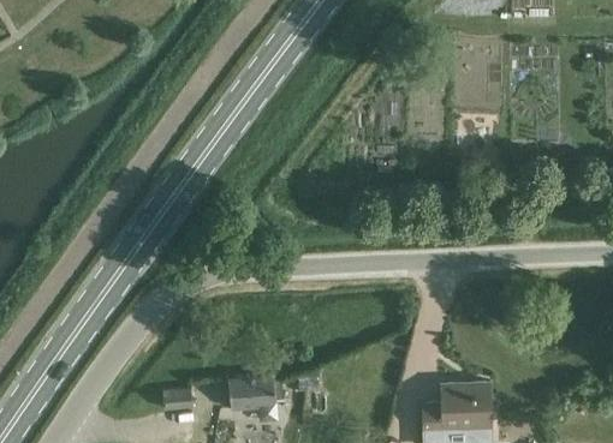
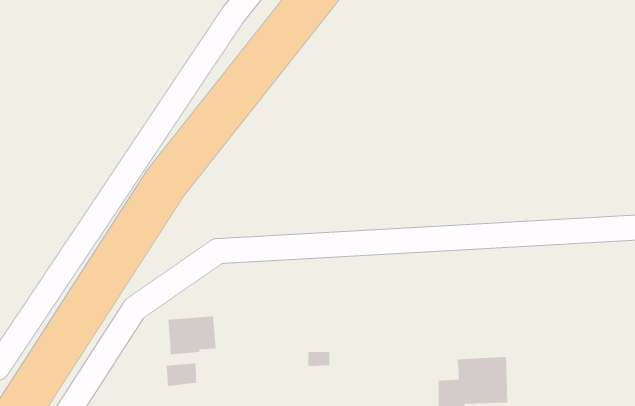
building: [228,376,275,413] -> [168,316,216,355]

